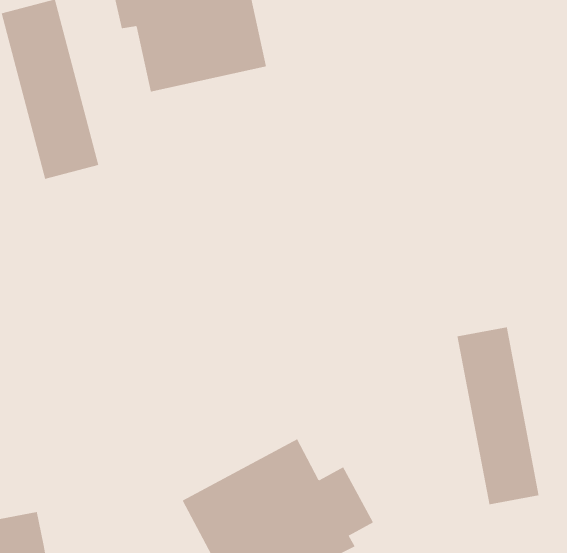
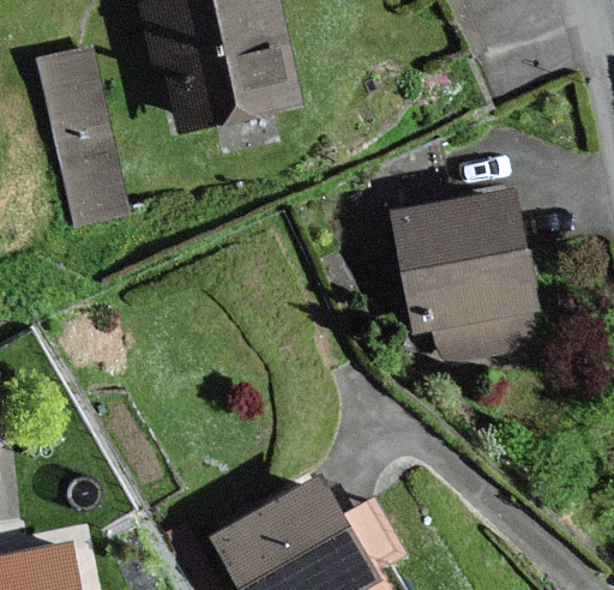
building: none -> [392,191,540,363]
building: [457,326,539,505] -> none

